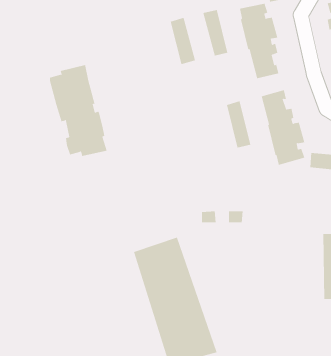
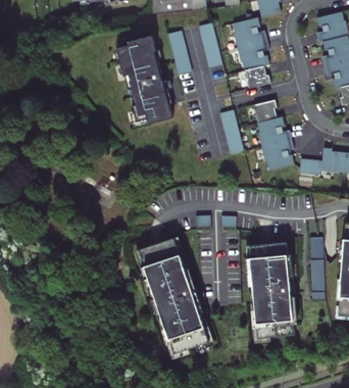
building: [49,64,107,156] -> [117,34,172,120]
building: none -> [251,244,294,334]

